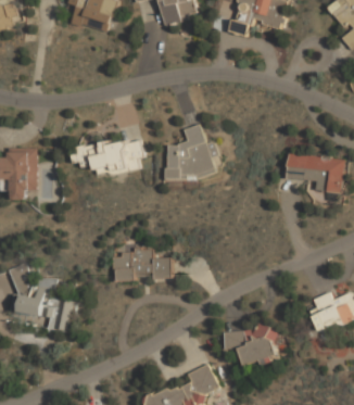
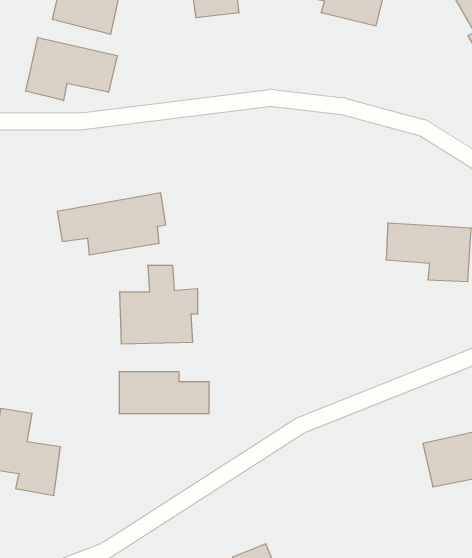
building: none -> [26,37,117,101]
building: [166,126,217,177] -> [119,265,198,344]
building: [223,322,276,365] -> none

